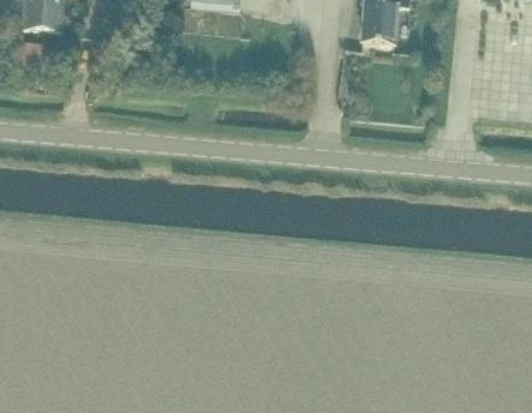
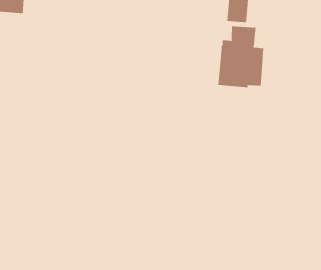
building: none -> [218,25,264,88]

